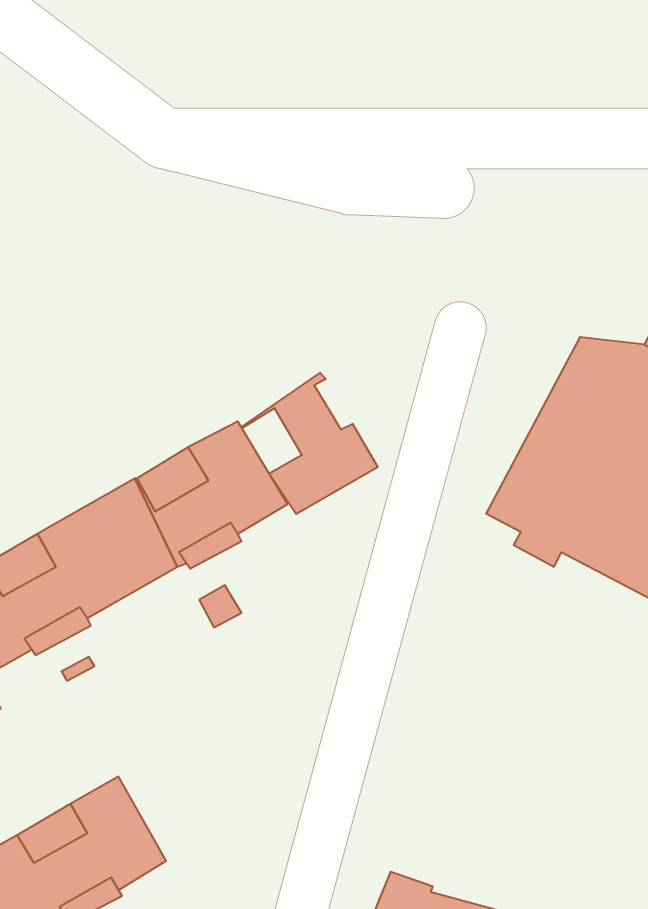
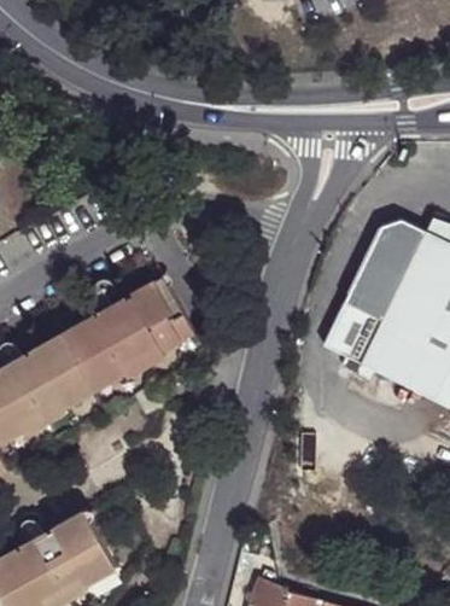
building: [242,373,378,514] -> none

